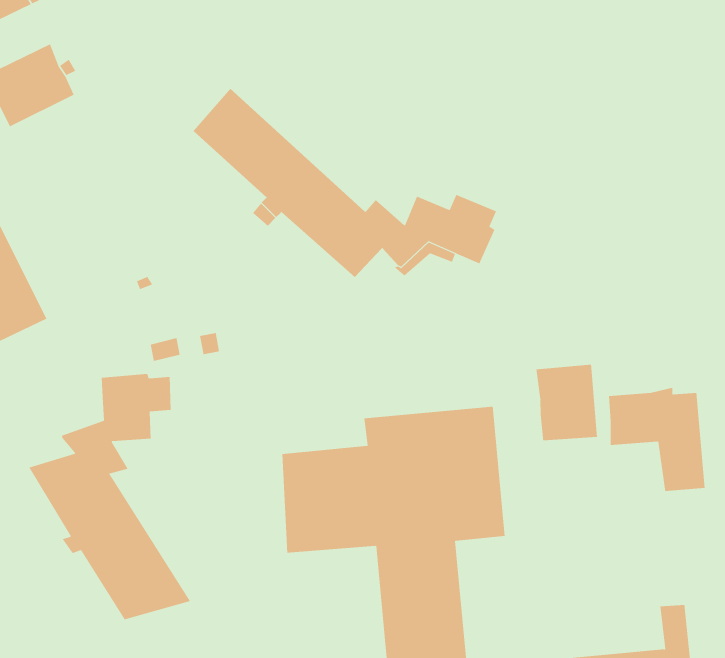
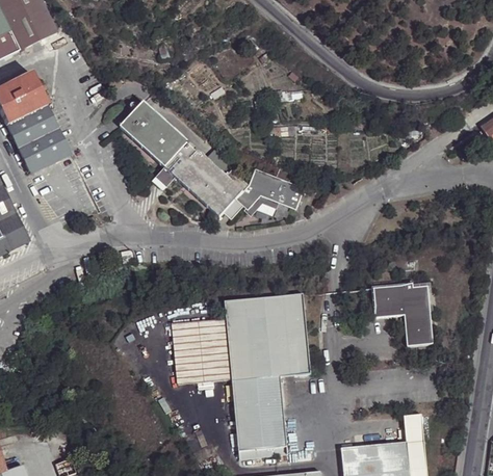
building: none -> [8,104,72,171]
building: [536,364,598,441] -> none
building: [29,373,191,620] -> none

